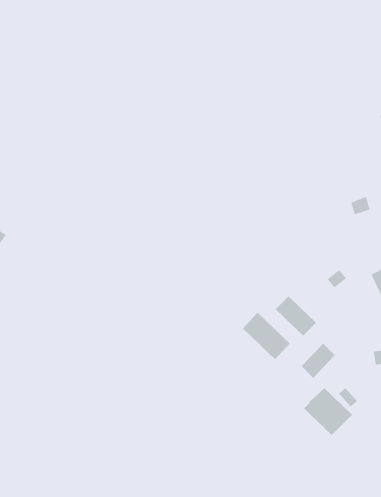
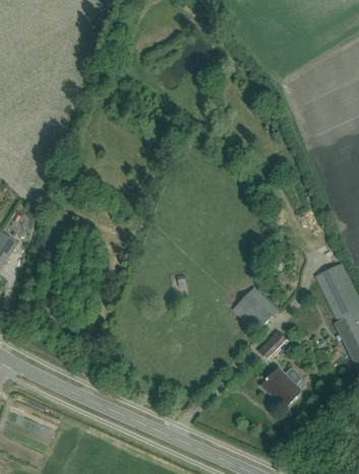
building: [242,312,291,360] -> none

